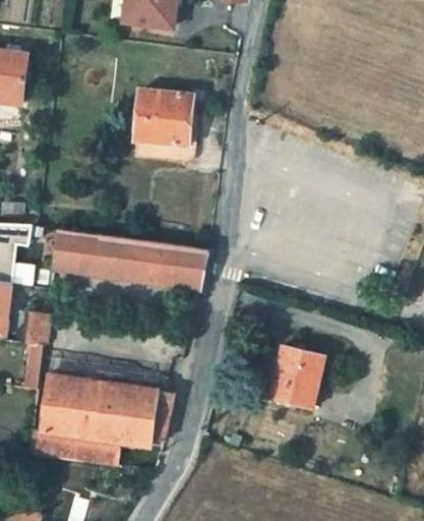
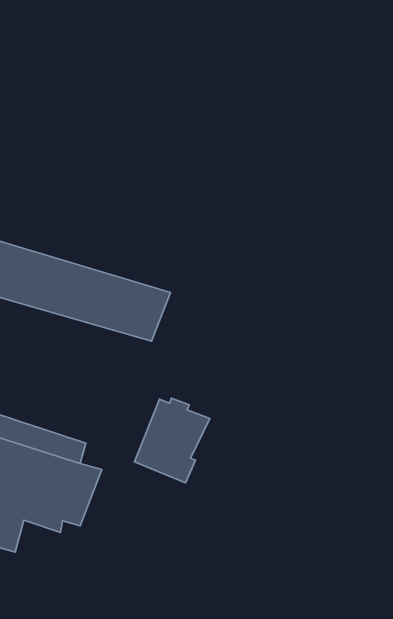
building: [135,91,191,164] -> none
building: [270,345,323,408] -> [134,398,210,483]

